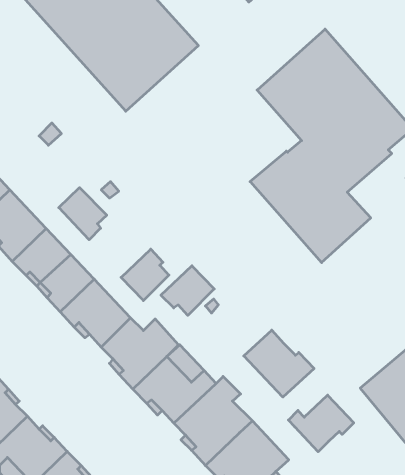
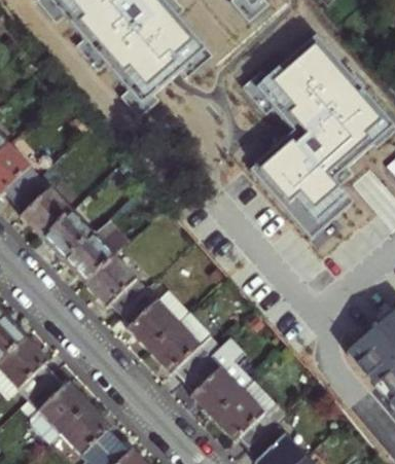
building: [59,188,107,240] -> none
building: [121,249,169,301] -> none
building: [161,266,214,315] -> none
building: [244,330,314,397] -> none
building: [288,395,354,452] -> none

